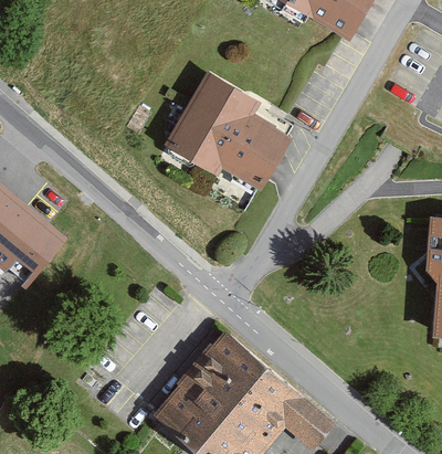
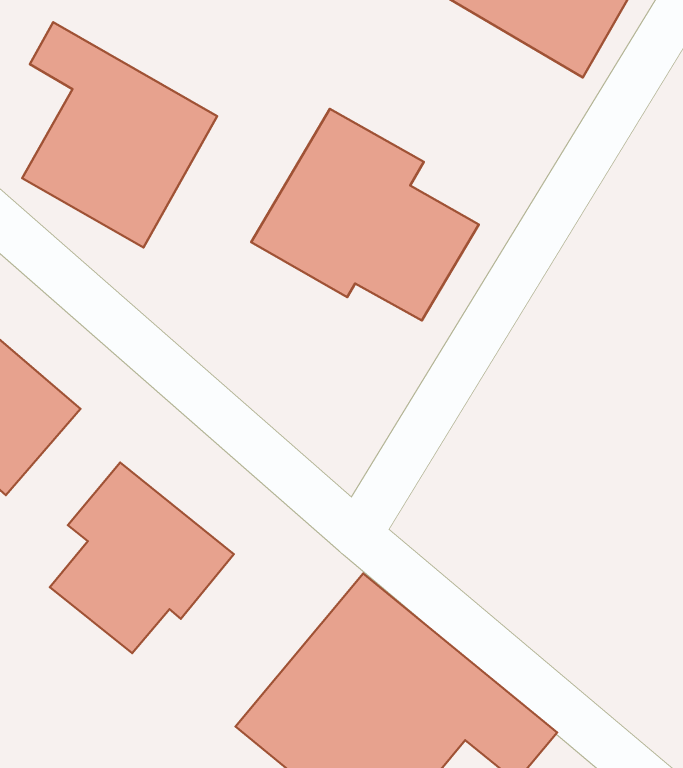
building: none -> [22,22,217,247]
building: none -> [50,463,234,653]

